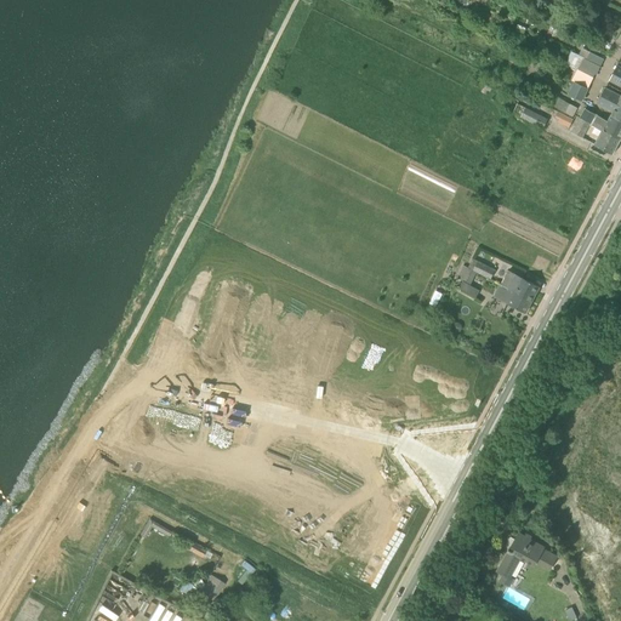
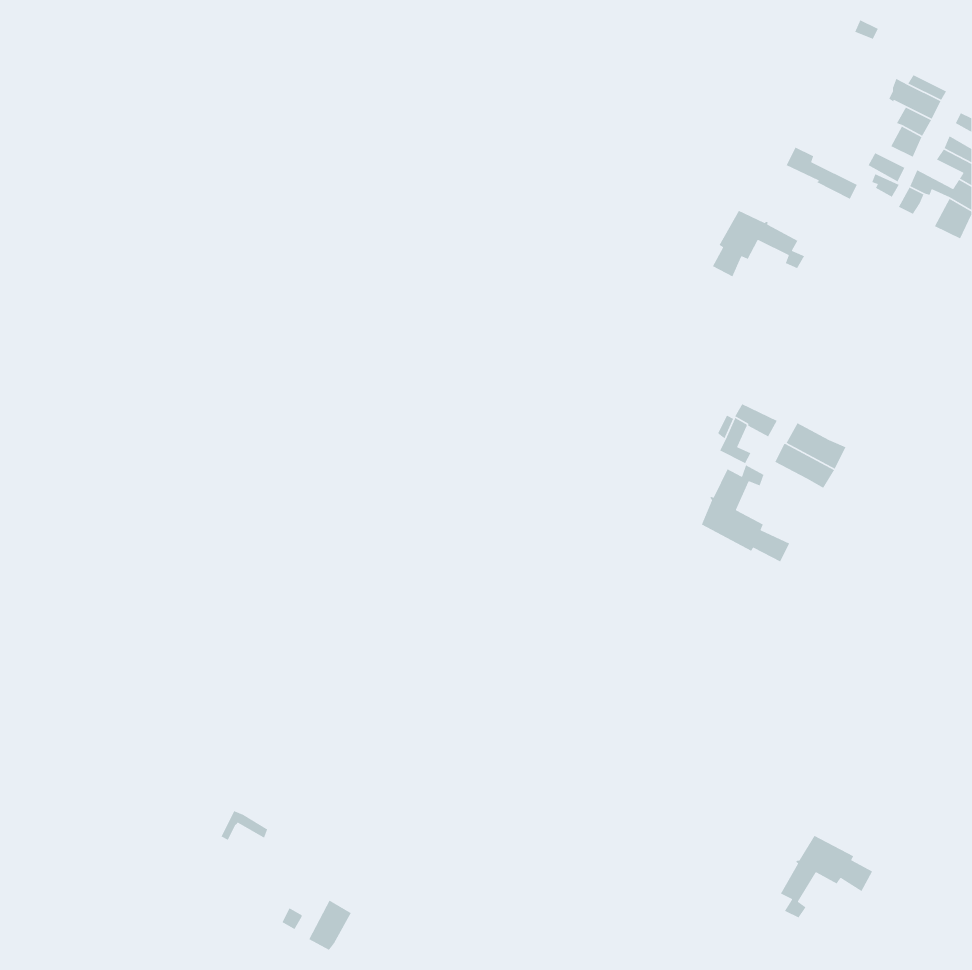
building: none -> [712,210,805,278]
building: none -> [701,464,790,563]

